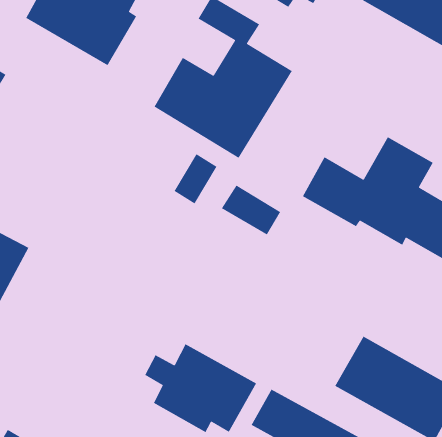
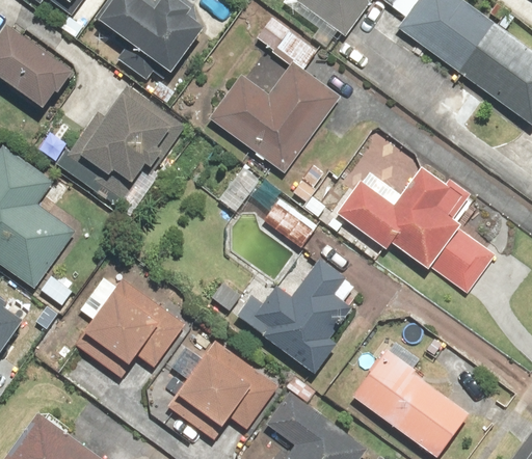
building: none -> [72,83,190,185]
building: none -> [251,260,352,376]
building: none -> [84,277,186,367]

